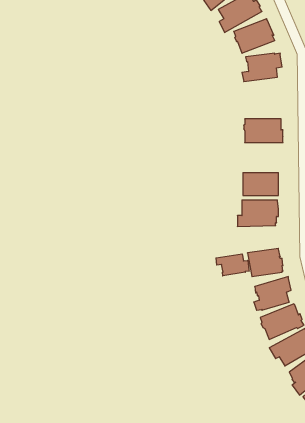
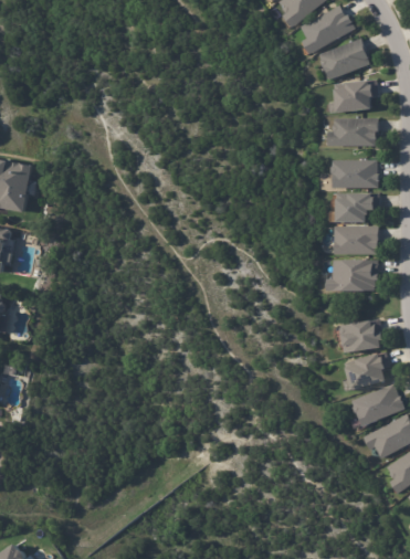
building: none -> [330,119,380,147]
building: none -> [338,193,379,222]
building: [216,254,249,276] -> none

